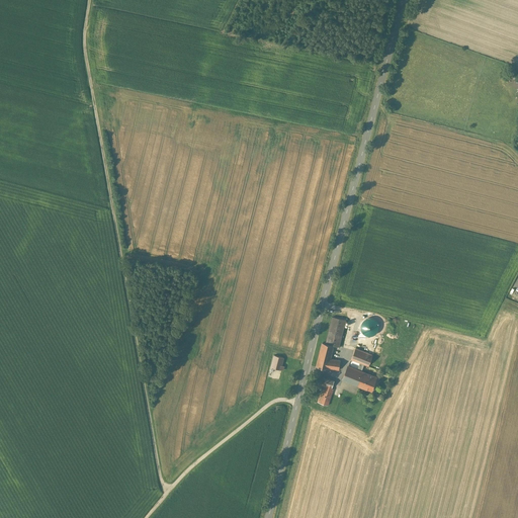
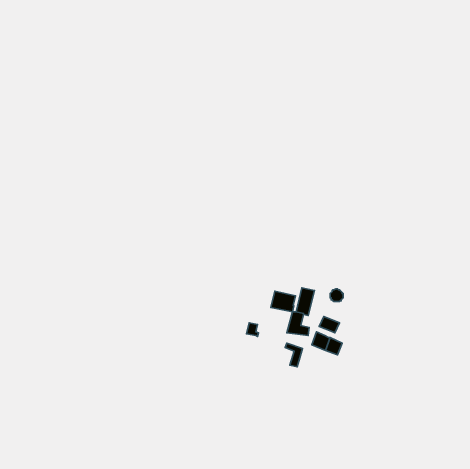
building: none -> [271,291,295,312]

